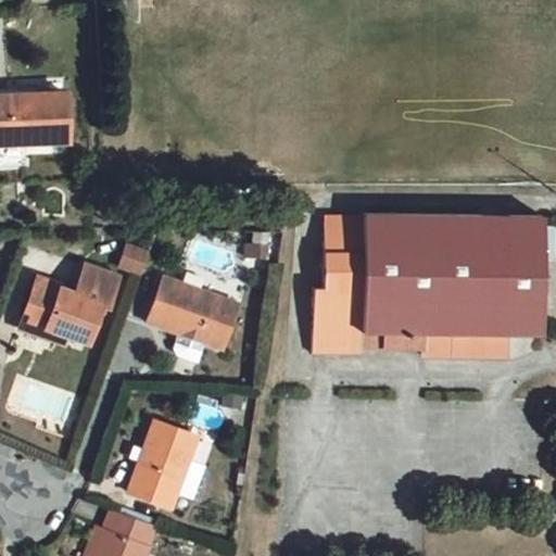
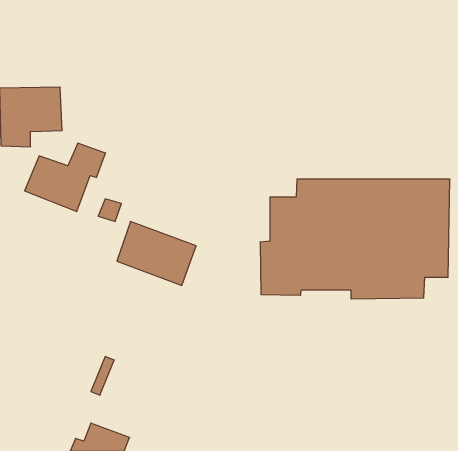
building: [16,258,114,341] -> [25,143,106,212]
building: [129,426,207,515] -> none

